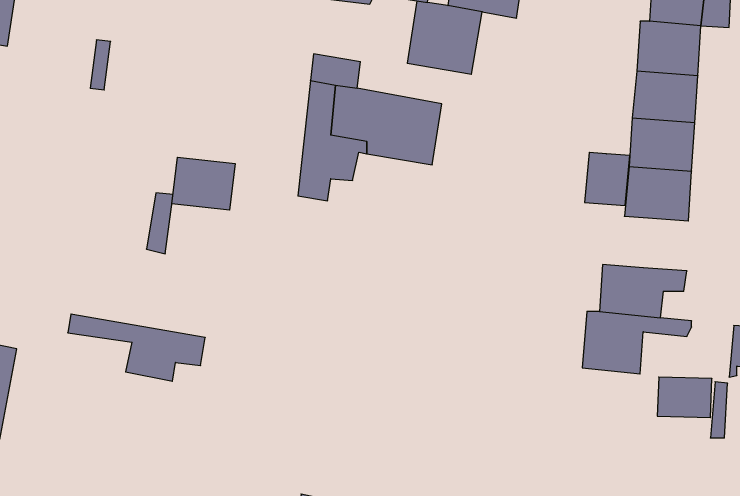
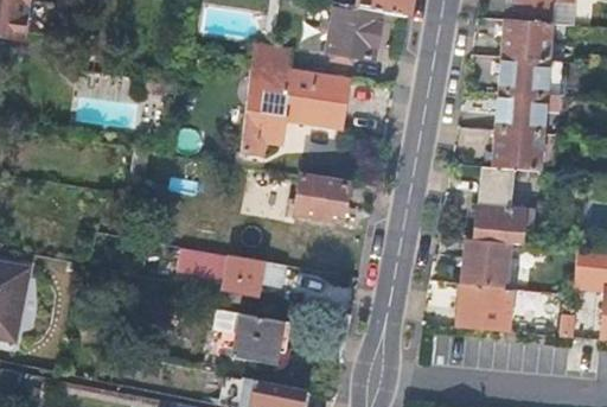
building: [585,152,630,205] -> [475,166,510,206]
building: [172,157,235,210] -> none
building: none -> [295,176,351,222]
building: [68,314,205,381] -> [181,247,286,298]
building: none -> [455,282,509,331]
building: none -> [232,312,293,370]

